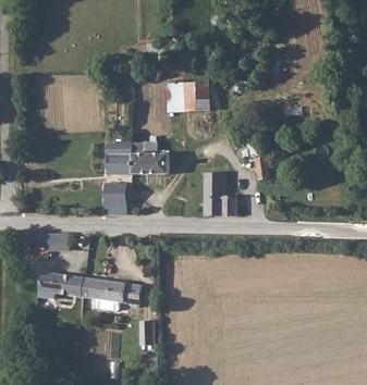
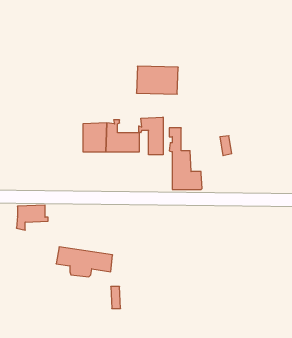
building: none -> [139,117,163,155]
building: [101,181,125,212] -> none
building: [34,271,82,298] -> none

